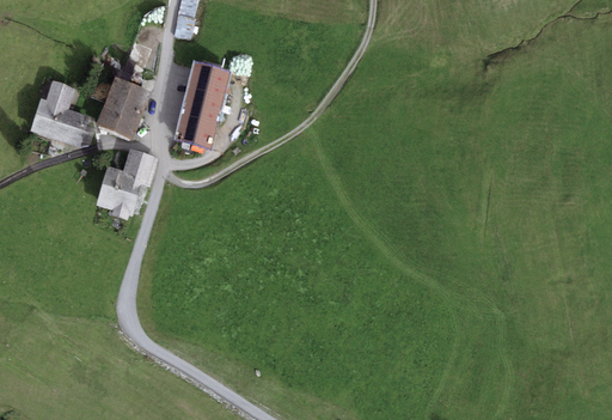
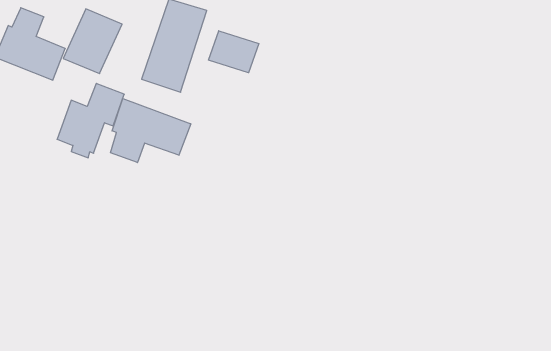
building: none -> [208,31,259,73]
building: none -> [110,99,191,163]

